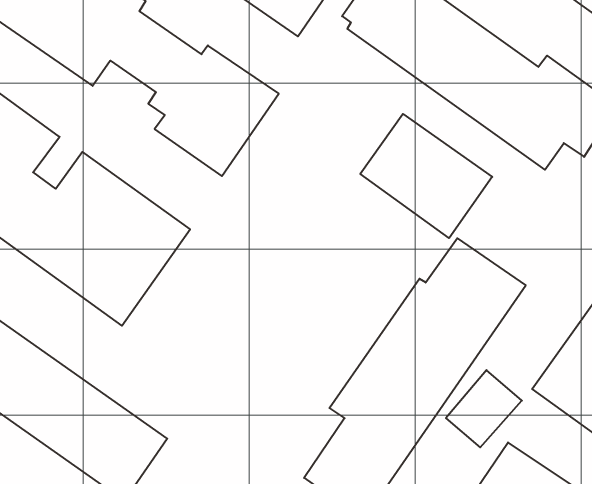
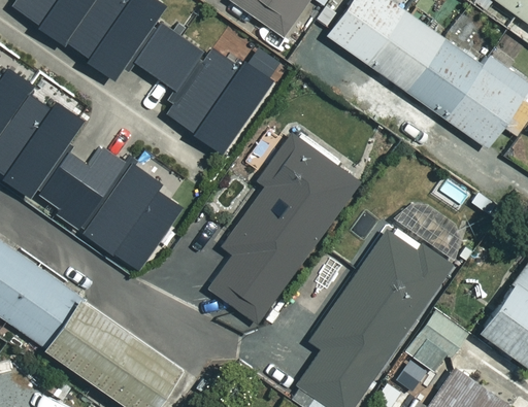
building: [360,114,492,238] -> none
building: none -> [209,136,363,329]

